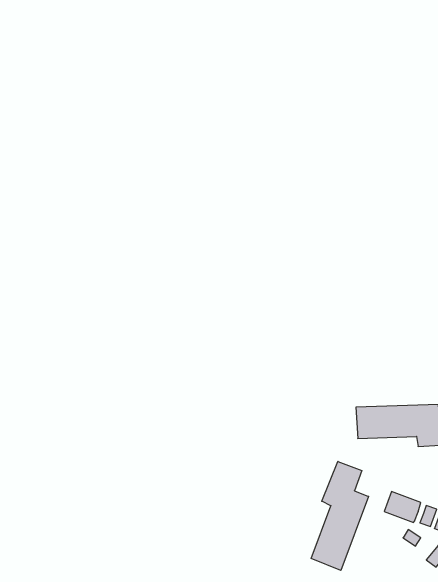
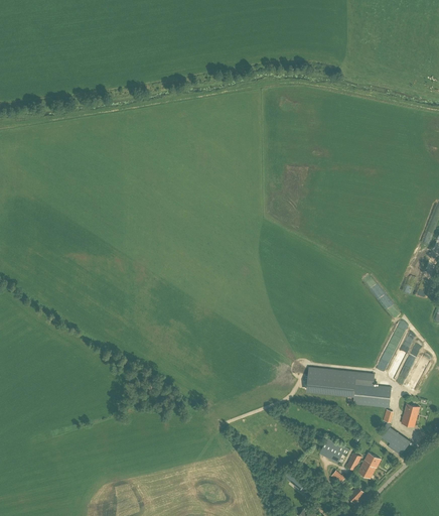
building: [311,461,369,570] -> none

